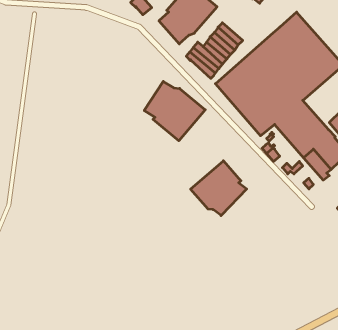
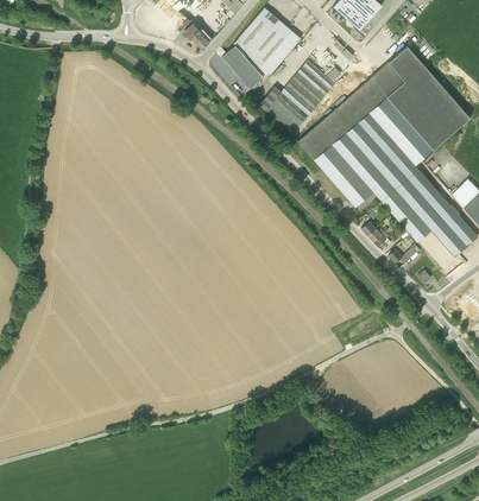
building: [144,81,205,141] -> none
building: [191,161,247,216] -> none

